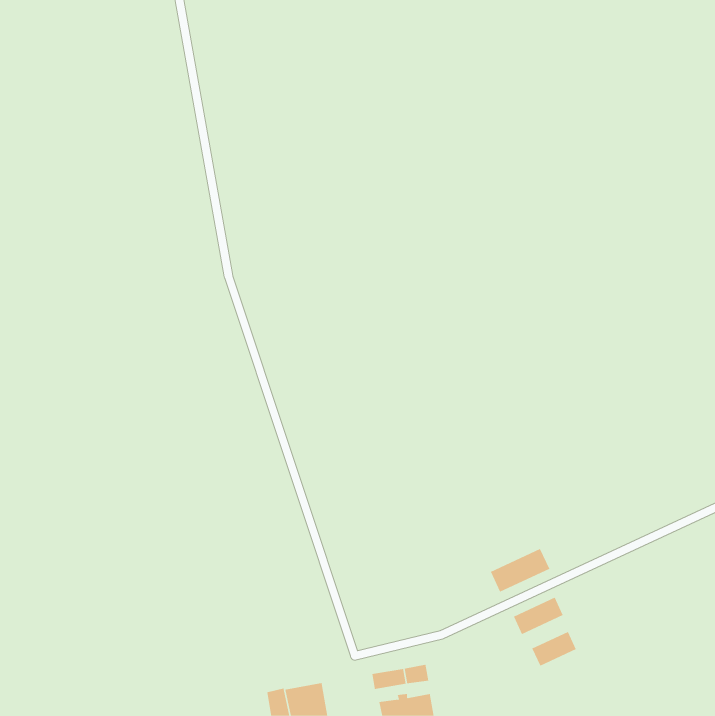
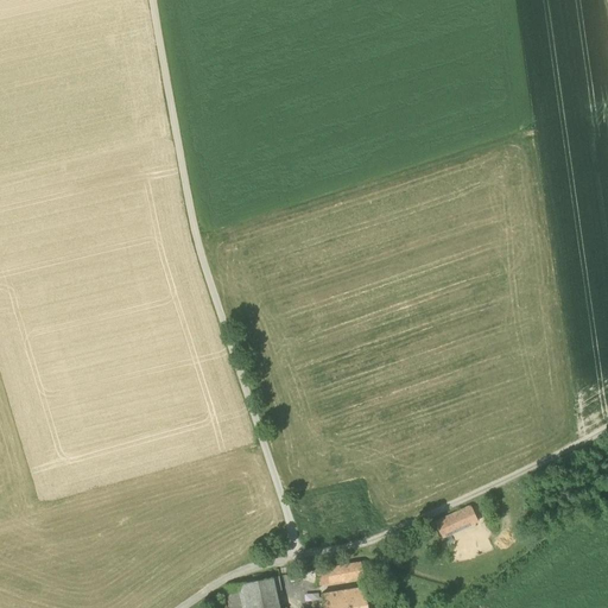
building: [490,548,550,593] -> none
building: [532,631,577,667] -> none

